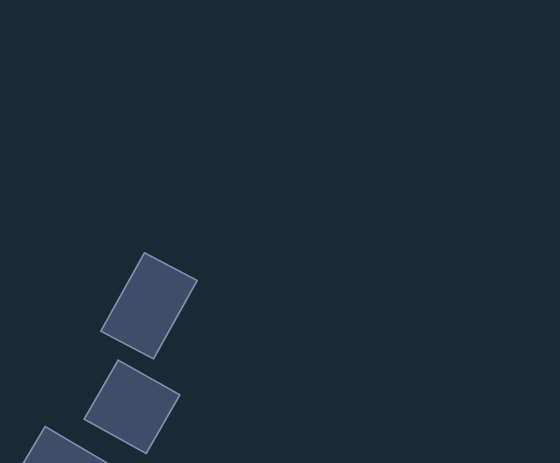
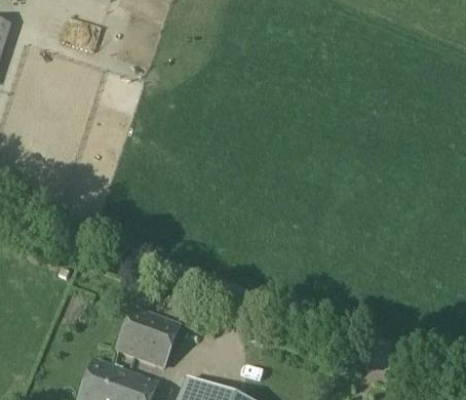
building: [101,253,197,359] -> none

